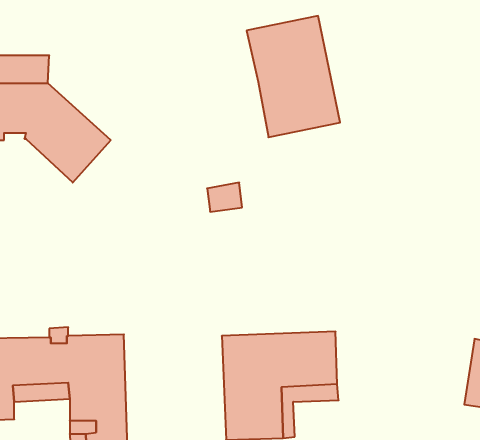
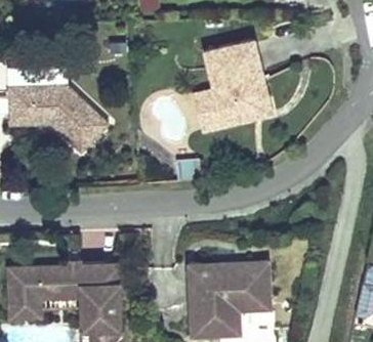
building: none -> [194,86,221,129]

